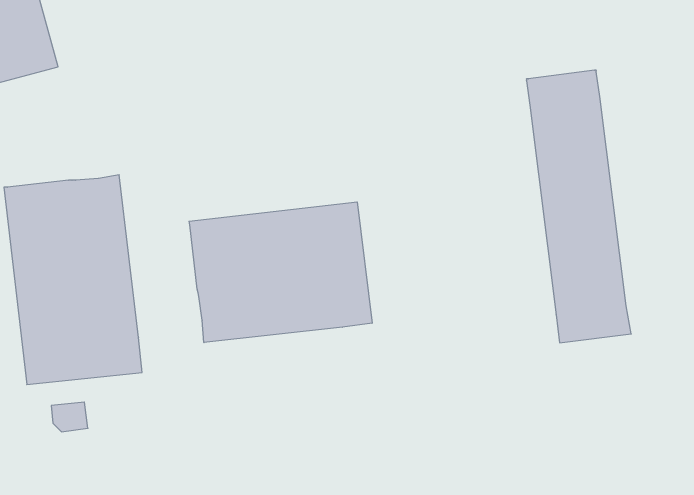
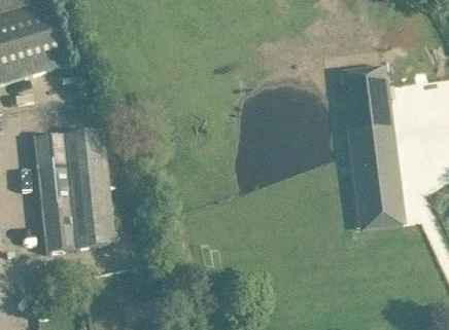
building: [189,202,372,343] -> none

